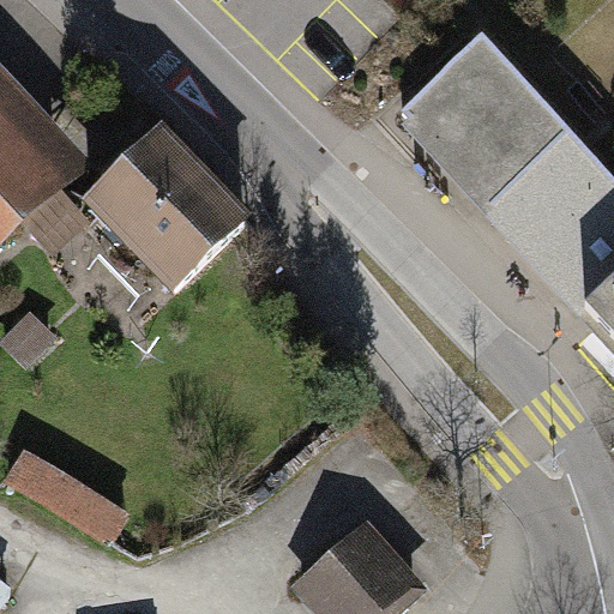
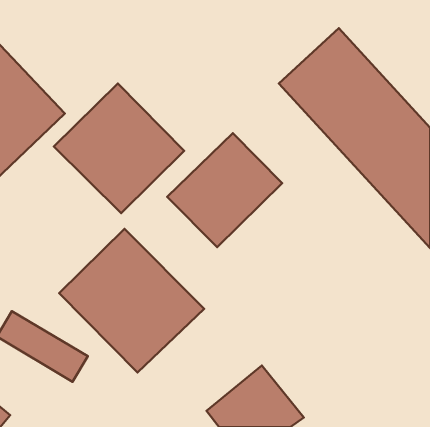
building: none -> [167,133,282,247]
building: none -> [59,229,204,372]

